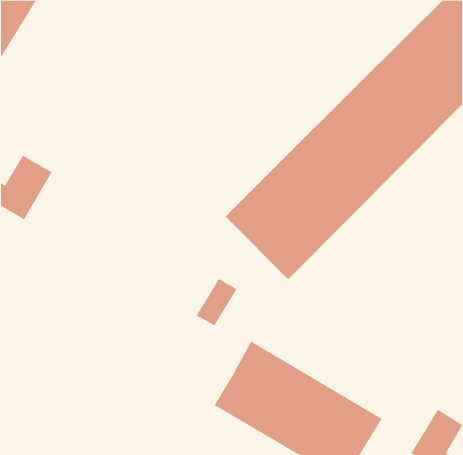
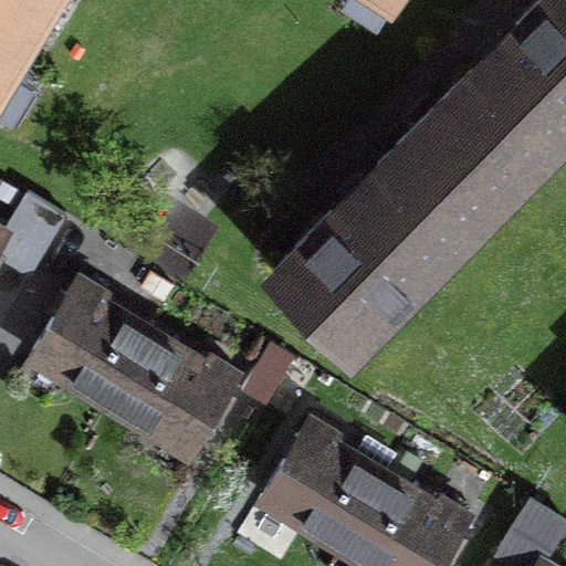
building: none -> [29,284,237,459]

